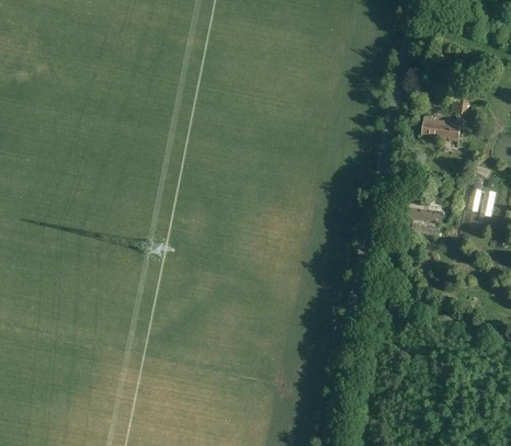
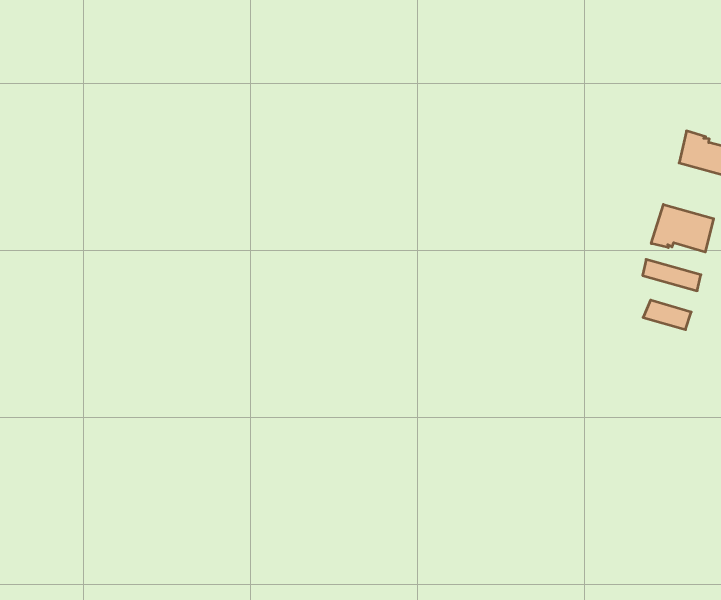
building: none -> [651,204,714,252]

